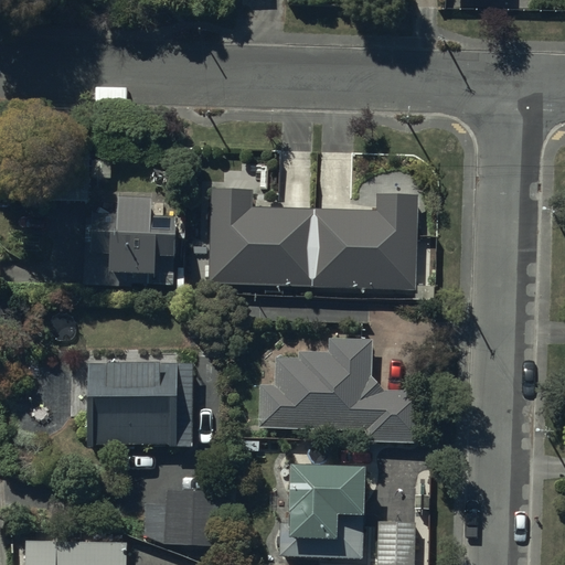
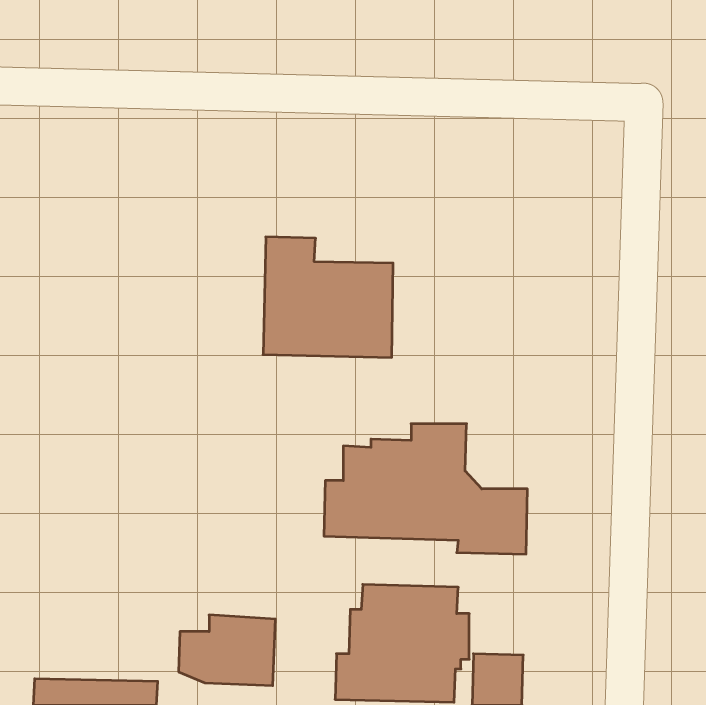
building: [312,192,416,287] -> none
building: [82,199,175,287] -> none
building: [86,364,193,448] -> none

